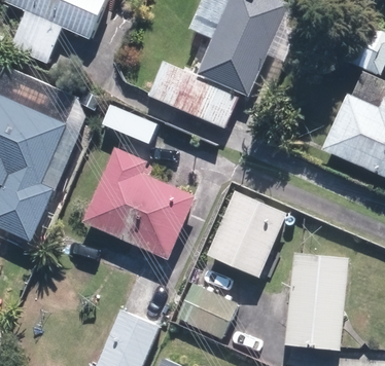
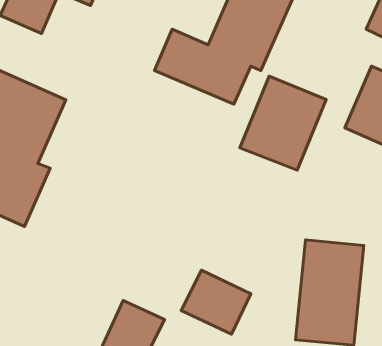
building: [82,147,196,259] -> none
building: [208,190,287,277] -> [240,76,326,170]

